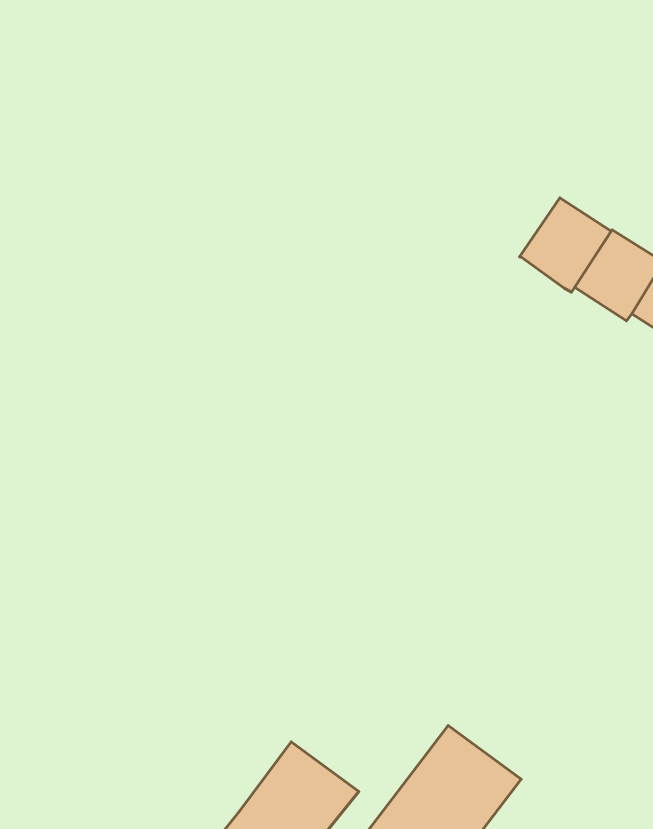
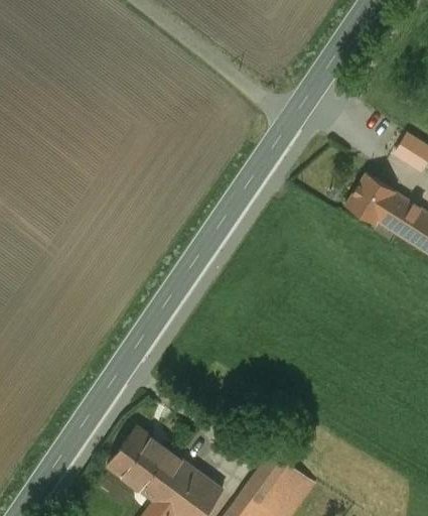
building: [520,198,611,292] -> none
building: none -> [108,426,185,502]

